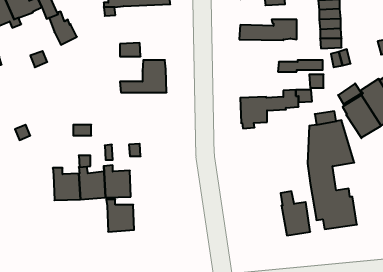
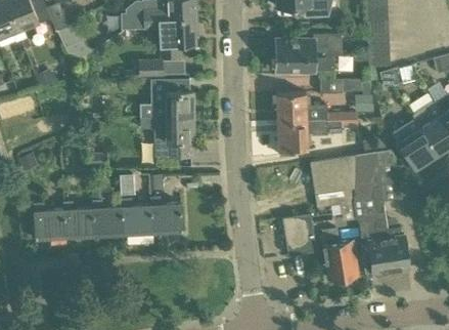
building: none -> [143,16,197,57]
building: none -> [275,56,333,73]
building: none -> [275,93,325,123]
building: none -> [140,117,192,158]
building: none -> [309,155,356,222]
building: none -> [33,204,64,241]
building: none -> [281,214,316,258]
building: [106,199,134,232] -> [149,199,181,236]

